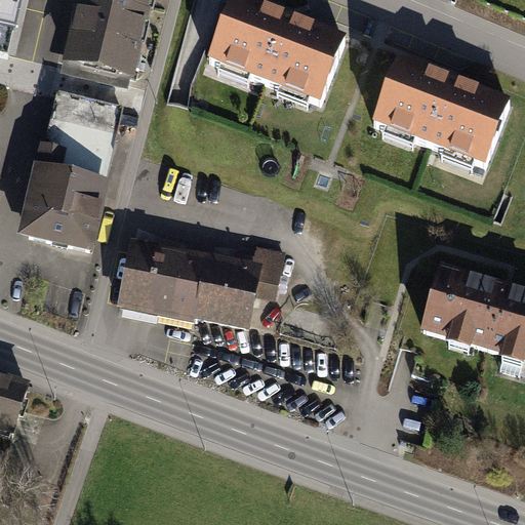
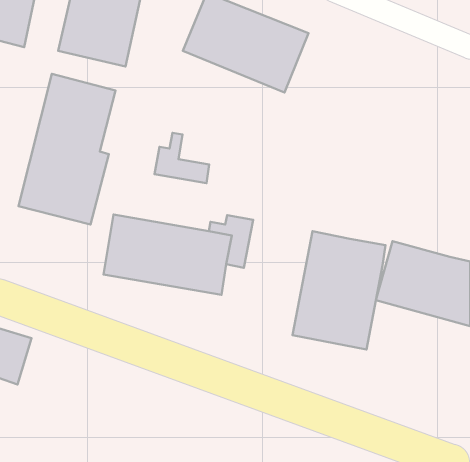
building: [366,53,508,167] -> none
building: none -> [155,133,209,183]
building: none -> [293,231,385,349]

